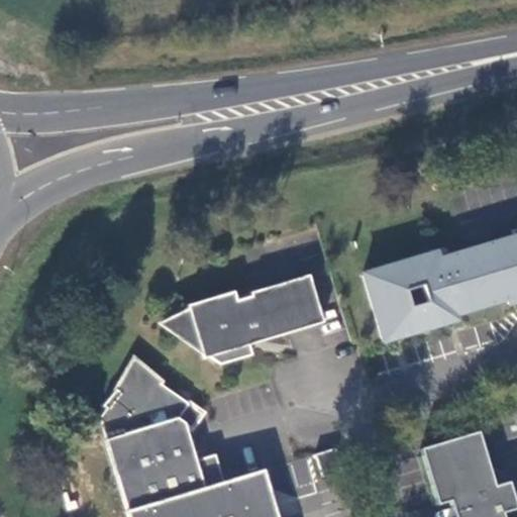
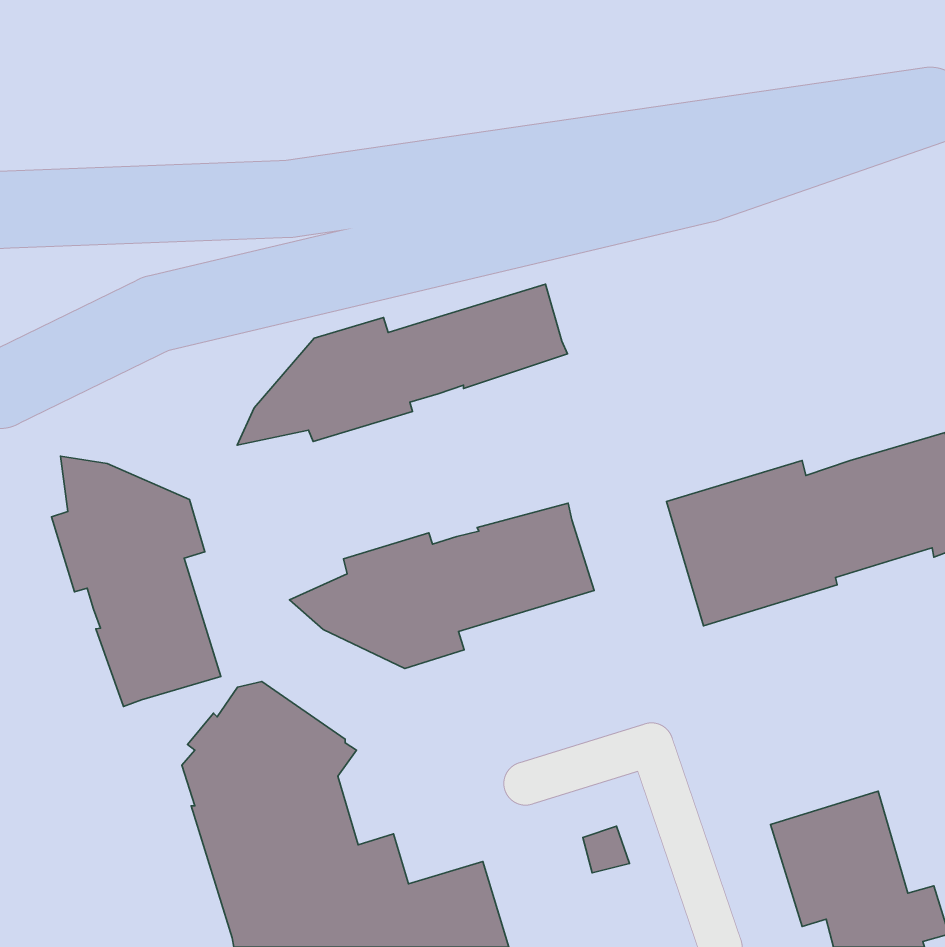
building: none -> [237,284,567,445]
building: none -> [52,456,221,707]

